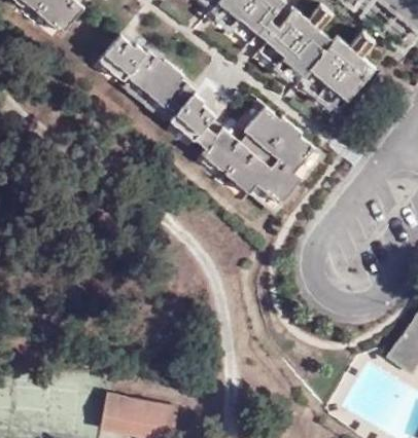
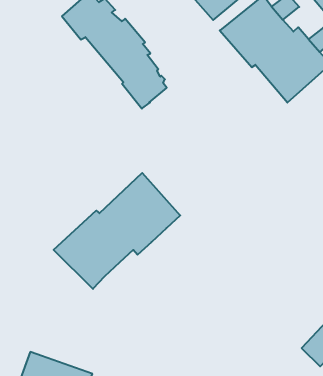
building: [202,102,313,200] -> none
building: none -> [54,173,180,289]

